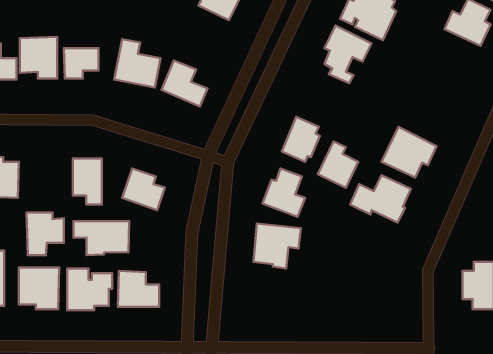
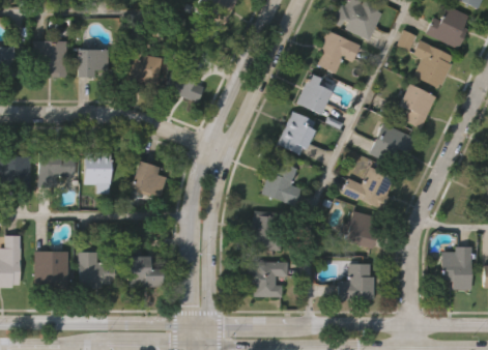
building: none -> [407,38,453,89]
building: none -> [398,83,435,127]
building: [318,142,358,188] -> [295,71,333,114]
building: [27,212,64,255] -> [39,148,74,187]
building: [73,221,129,255] -> none
building: none -> [344,210,376,249]
building: none -> [247,261,288,297]
building: none -> [337,263,373,299]

